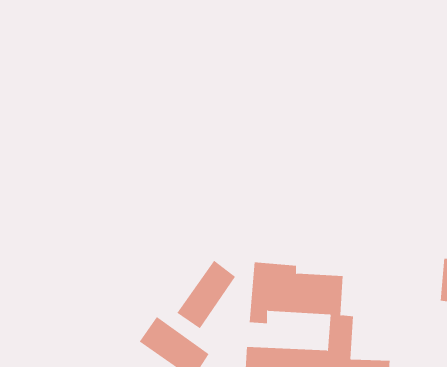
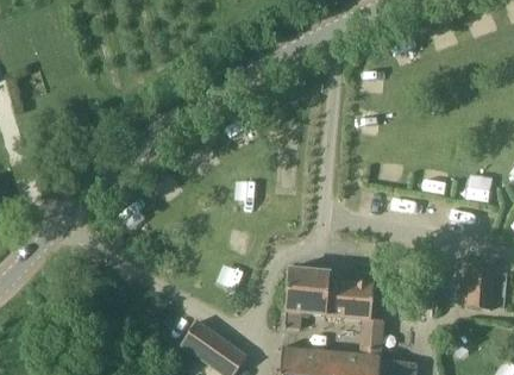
building: [177,260,236,329] -> none

